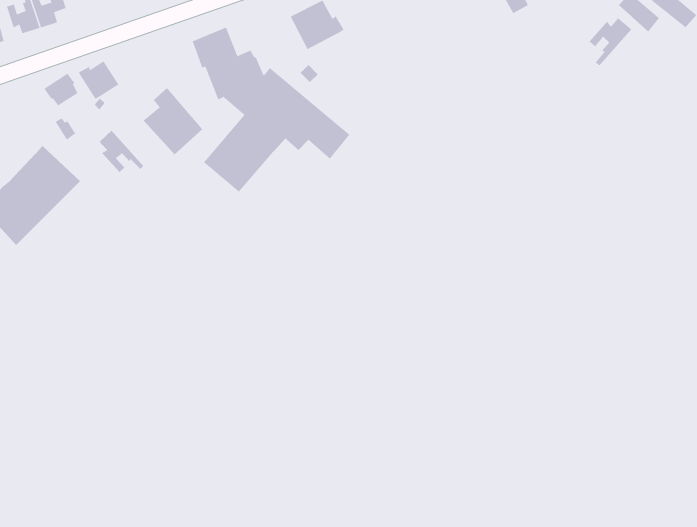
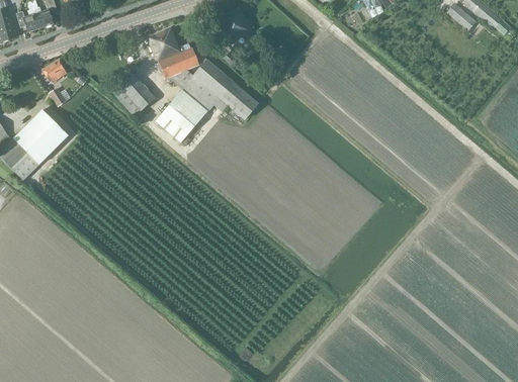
building: [589,17,632,66] -> none
building: [78,61,119,100] -> none
building: [99,130,144,173] -> none

